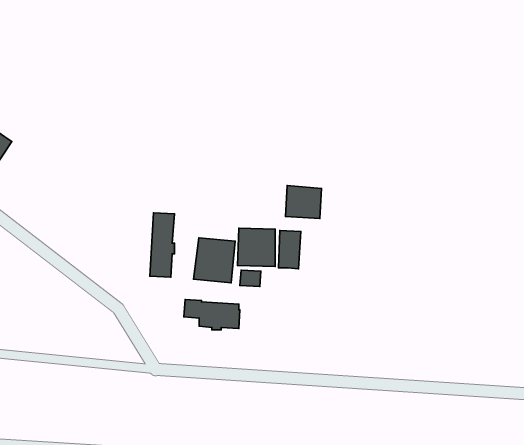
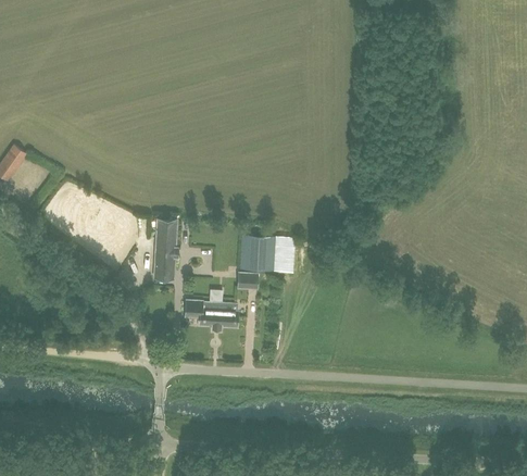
building: [285,186,321,218] -> none
building: [194,238,235,283] -> none

